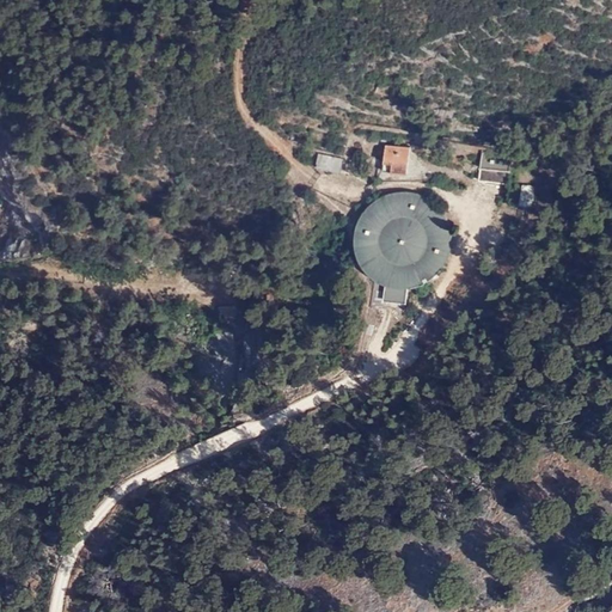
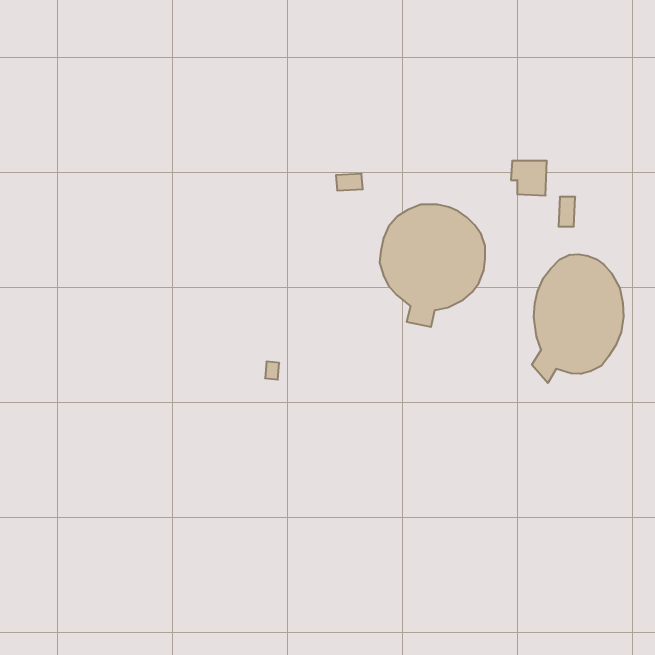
building: [378,146,406,172] -> none
building: none -> [532,254,624,383]

